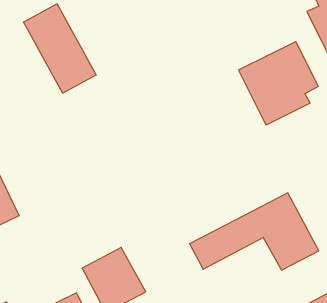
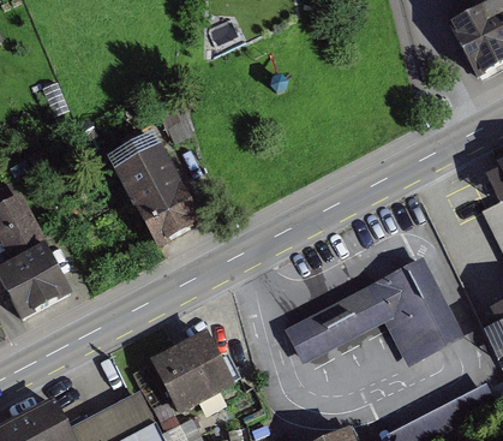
building: [23,4,96,93] -> [106,126,202,244]
building: [239,42,318,125] -> none

